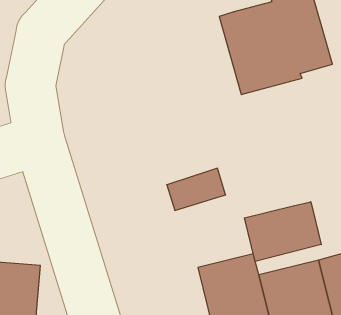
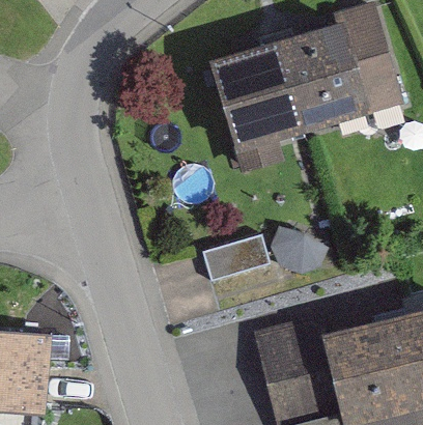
building: none -> [209,52,302,160]
building: [244,202,321,261] -> none

